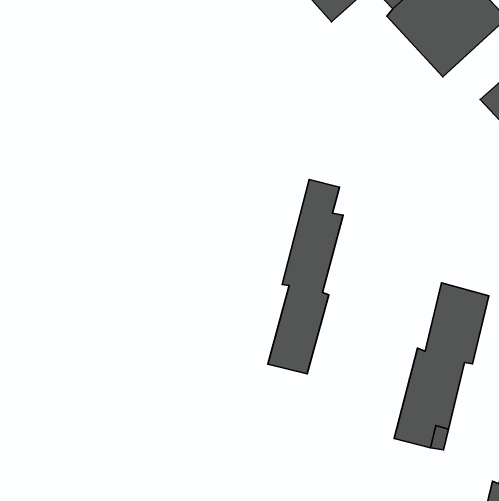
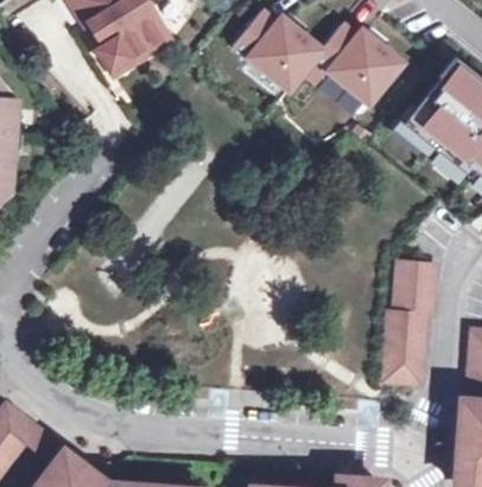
building: [268,179,343,374] -> none

